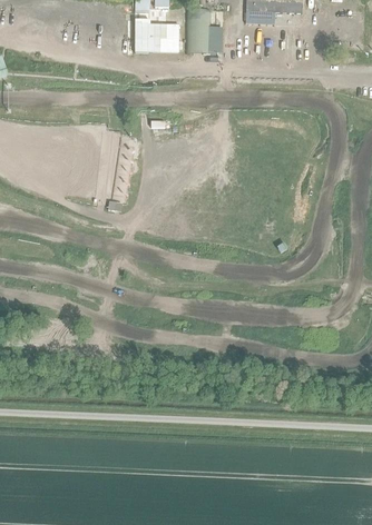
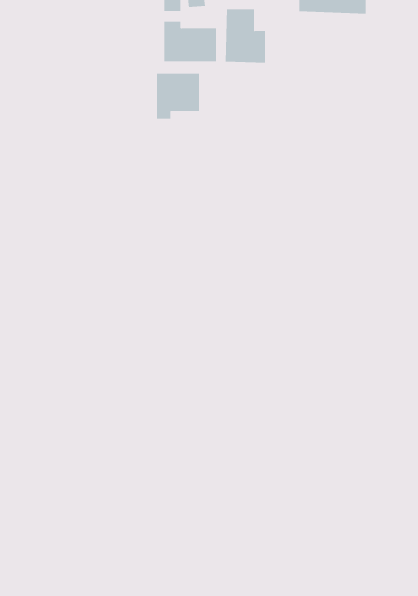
building: none -> [157,73,200,119]

